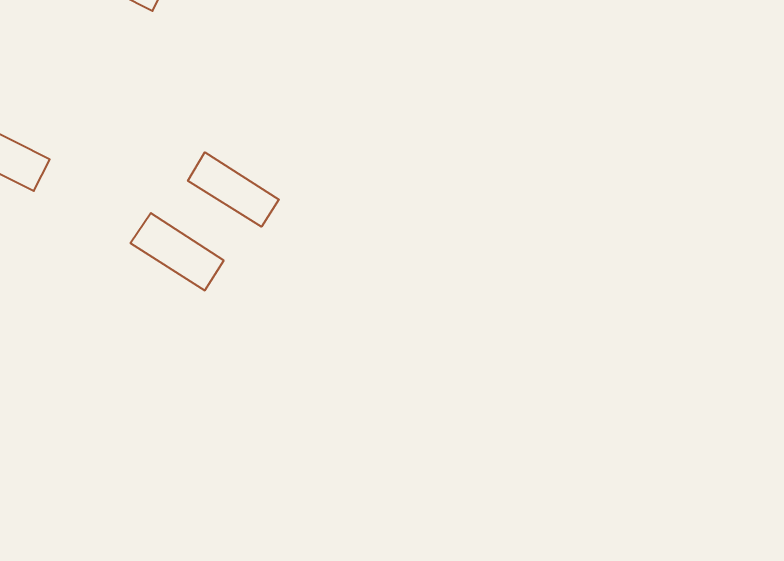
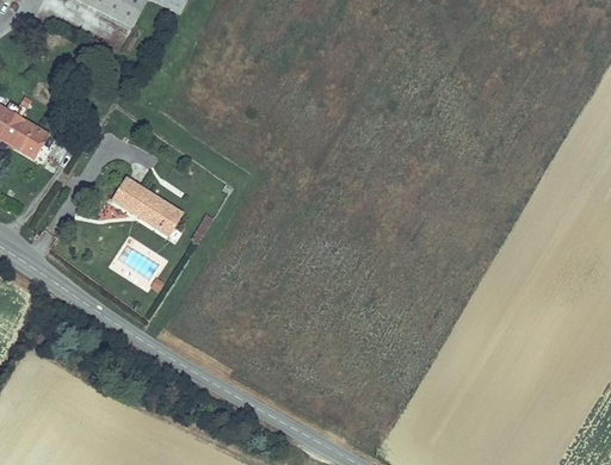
building: [188,152,279,227] -> none

